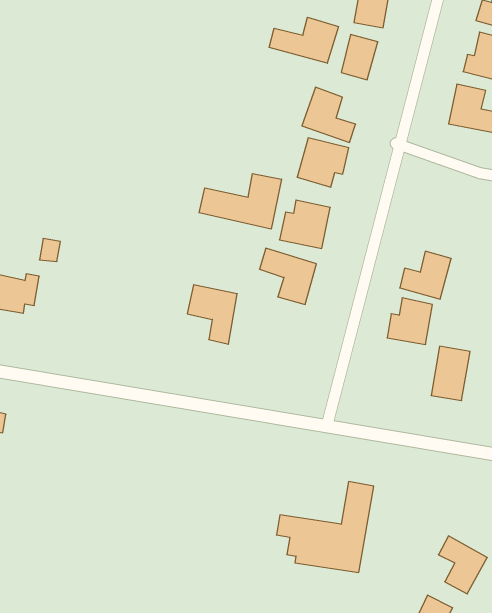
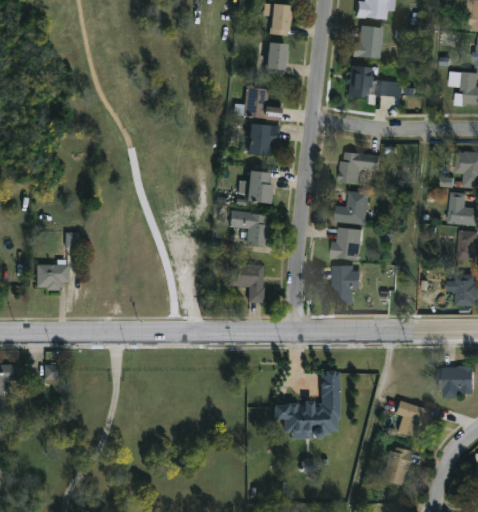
building: [269,17,339,63] -> none
building: [199,174,281,229] -> none
building: none -> [339,152,380,184]
building: [187,285,237,344] -> [230,264,264,303]
building: [431,346,470,401] -> [330,267,353,304]

